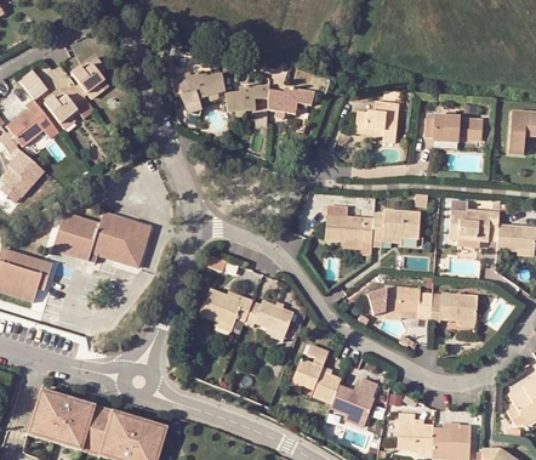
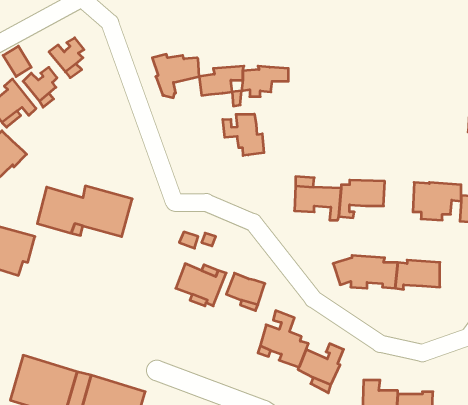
building: [359,104,409,142] -> none
building: [421,106,479,140] -> none
building: none -> [223,114,264,156]

